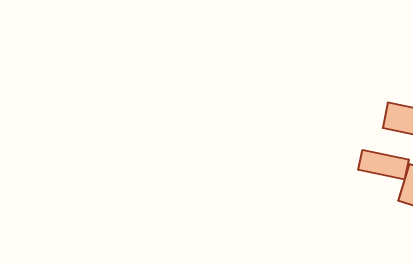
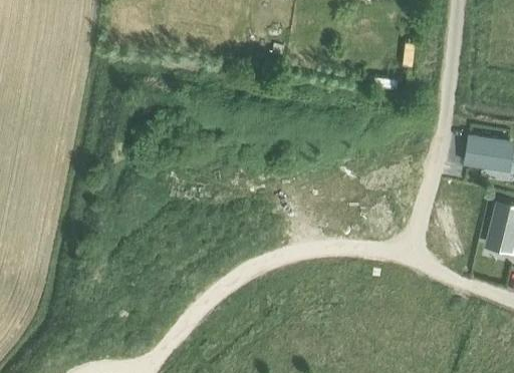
building: [358,150,409,179] -> none

